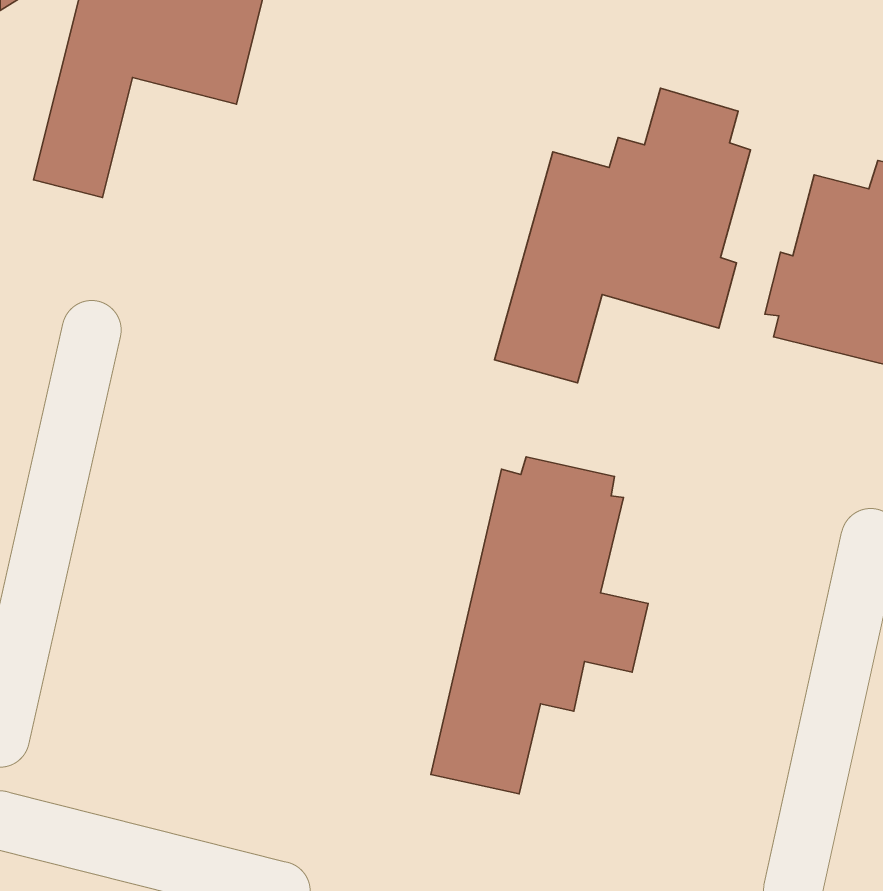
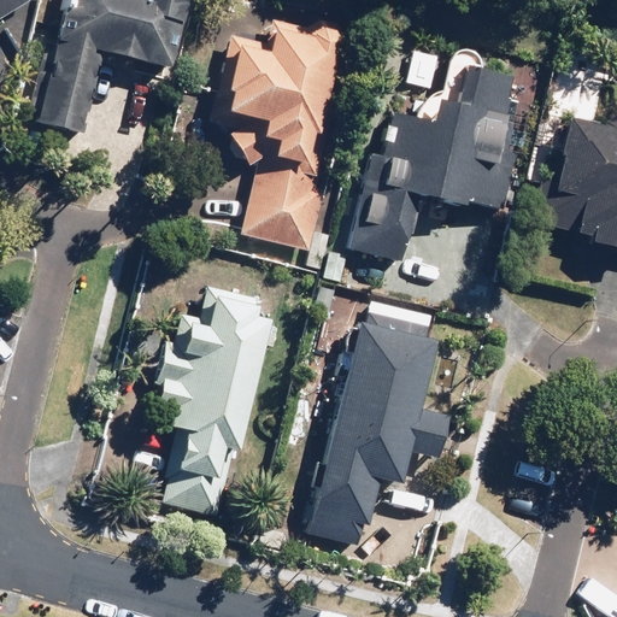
building: none -> [210,16,355,249]
building: none -> [158,280,271,515]

